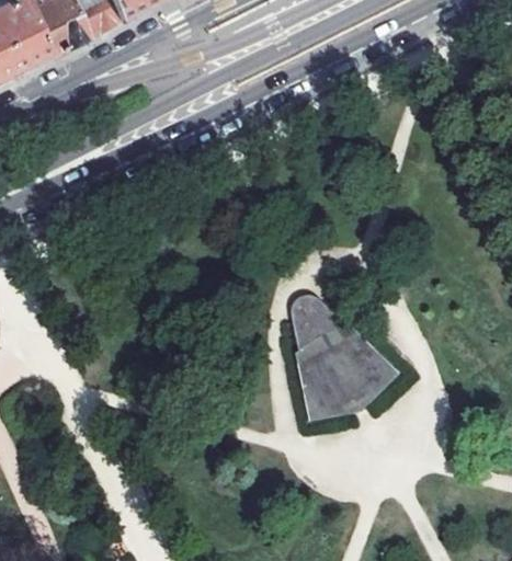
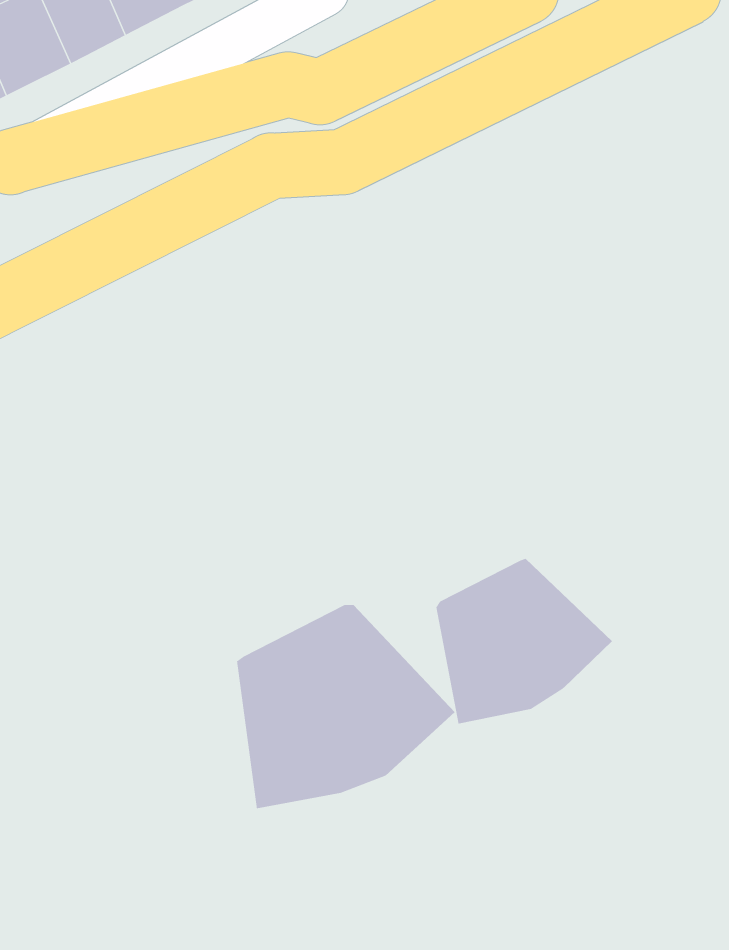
building: [292,296,345,352] -> none
building: none -> [236,604,456,809]

